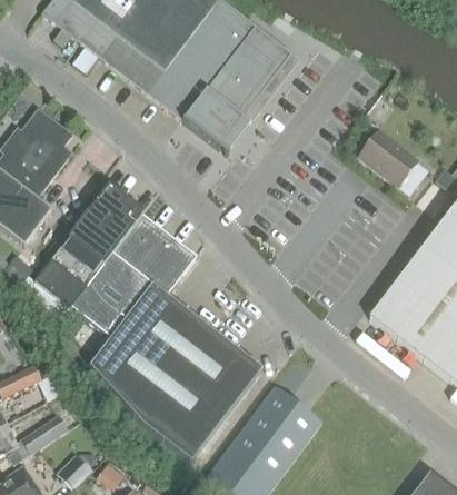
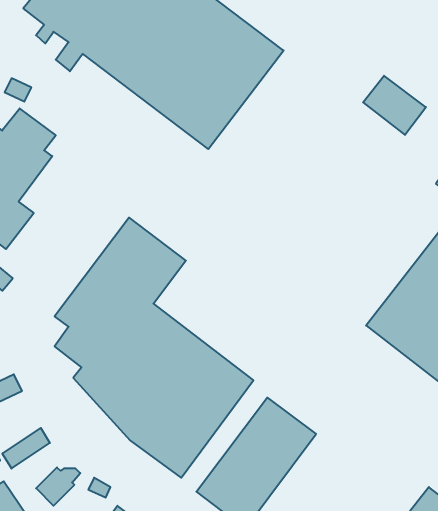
building: [359,130,419,187] -> [363,76,426,135]
building: [28,184,145,318] -> none

